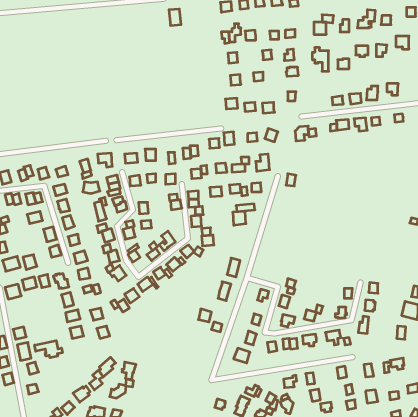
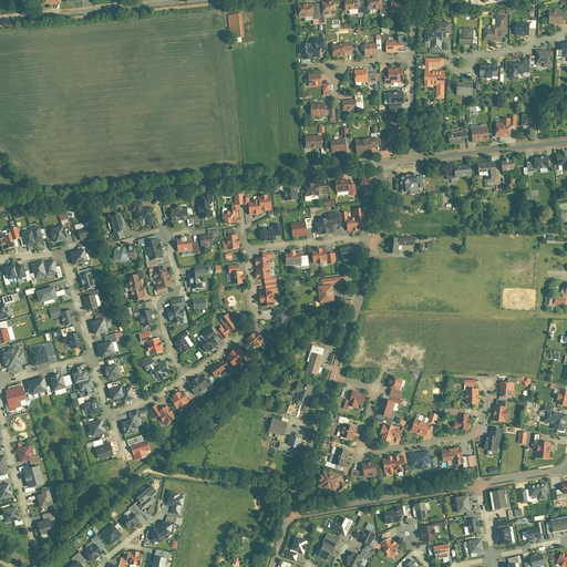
building: [35,341,62,358] -> none

